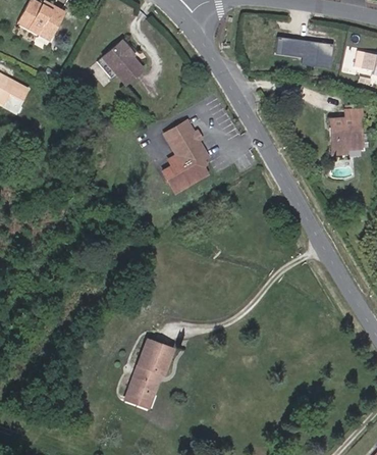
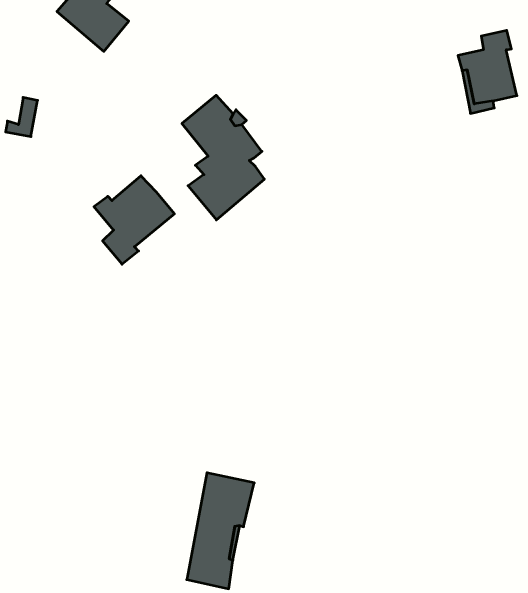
building: none -> [94,176,174,264]

